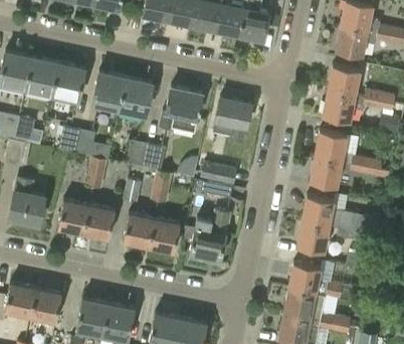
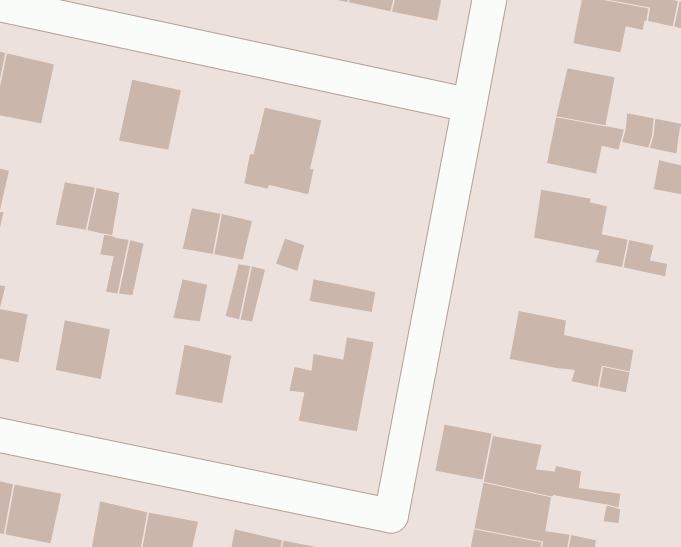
building: [51,62,85,101] -> none
building: [120,76,153,115] -> none
building: [213,97,251,143] -> none
building: [311,156,351,186] -> none
building: [200,162,236,184] -> none
building: [83,205,115,237] -> none
building: [149,219,180,251] -> none
building: [297,221,329,251] -> [435,424,493,480]

